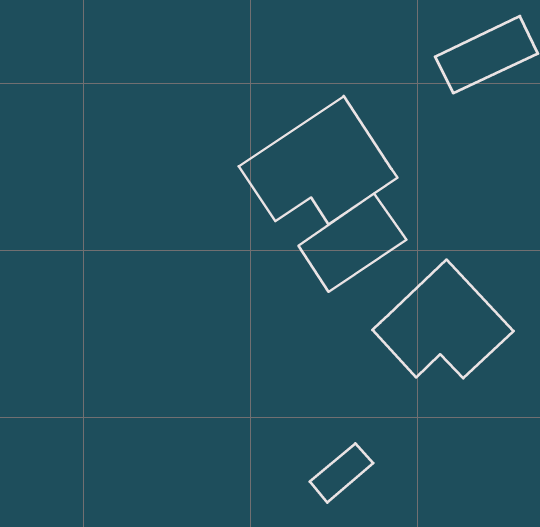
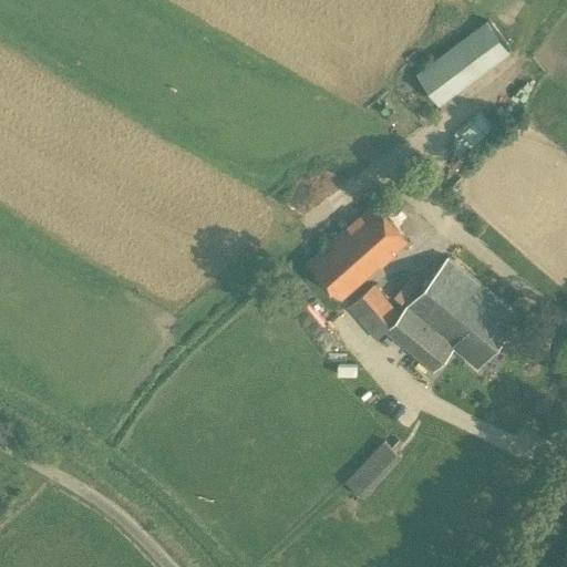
building: [239,96,397,224] -> none
building: none -> [347,287,400,343]

